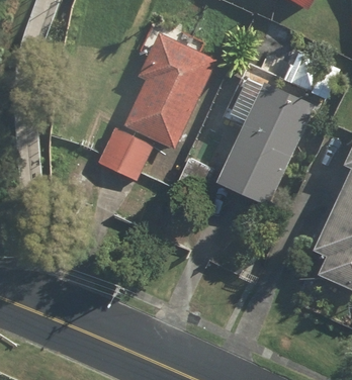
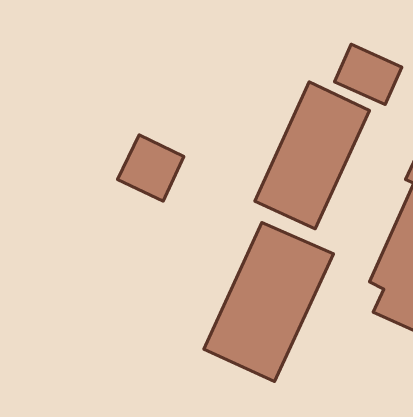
building: [123,31,214,148] -> none
building: none -> [204,222,334,382]

